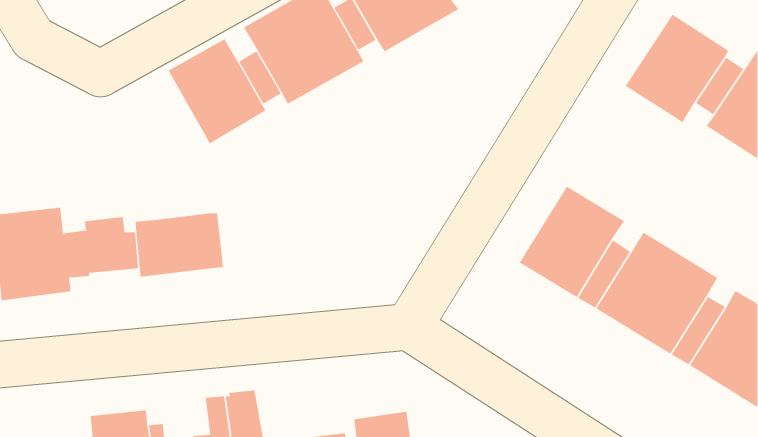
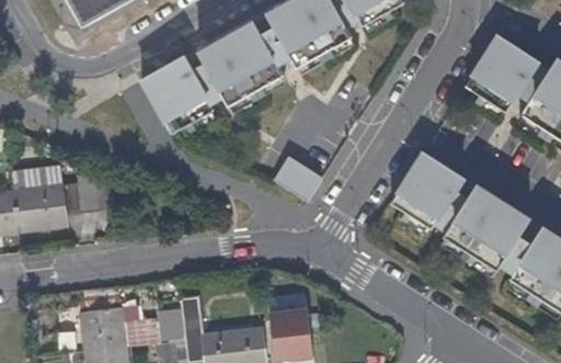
building: none -> [275,165,322,206]
building: [135,212,223,277] -> none

